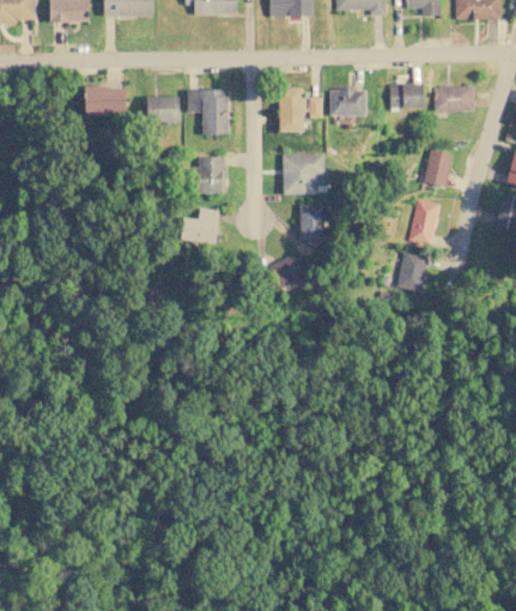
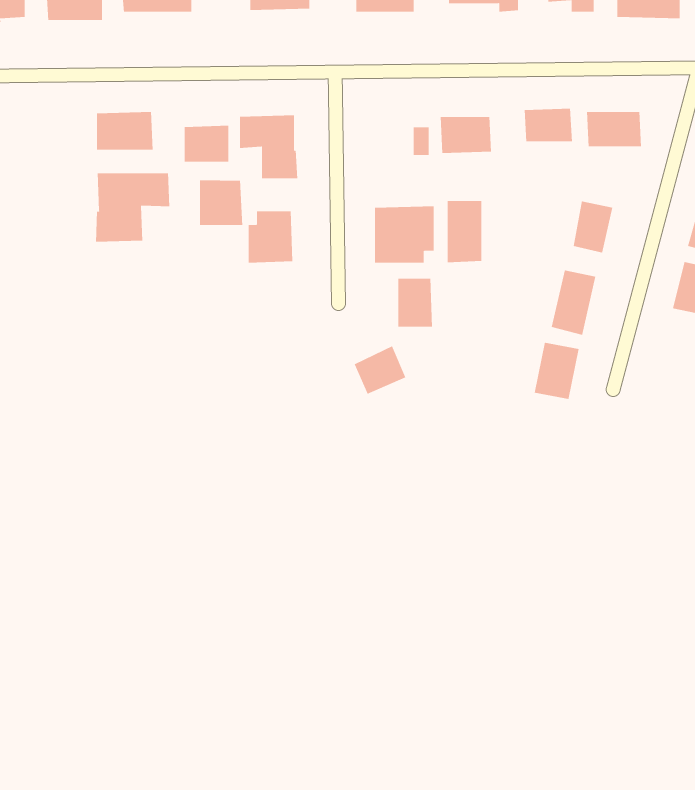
building: [279,87,304,132] -> [447,200,482,263]
building: none -> [95,172,170,242]
building: none -> [199,180,243,226]
building: [187,208,218,242] -> none

